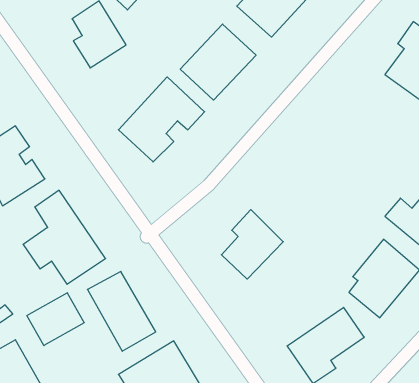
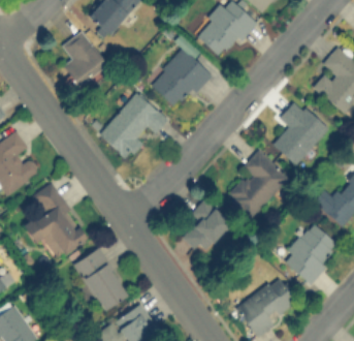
building: none -> [272,99,329,166]
building: none -> [228,150,290,219]
building: [27,293,84,346] -> none

